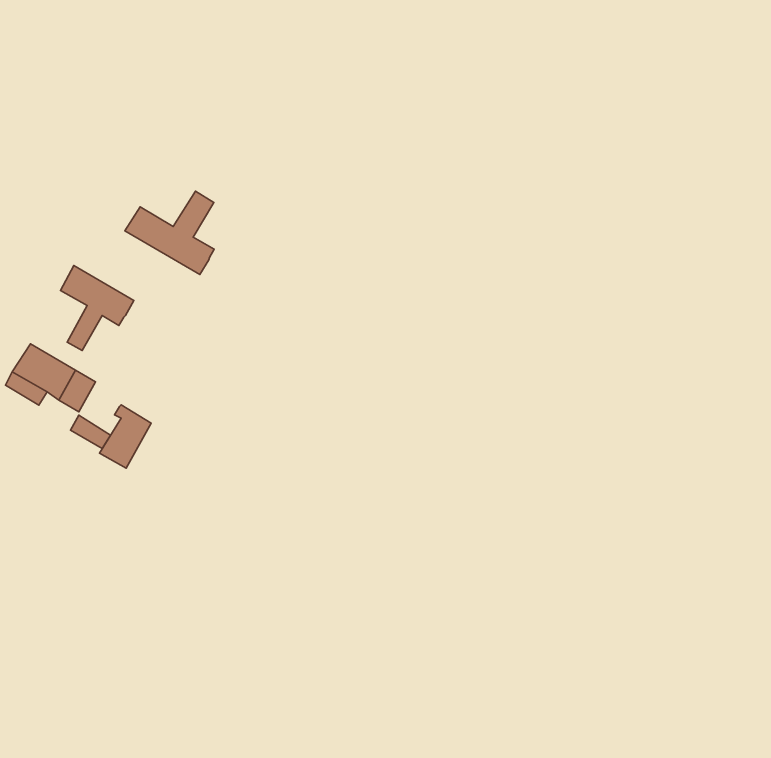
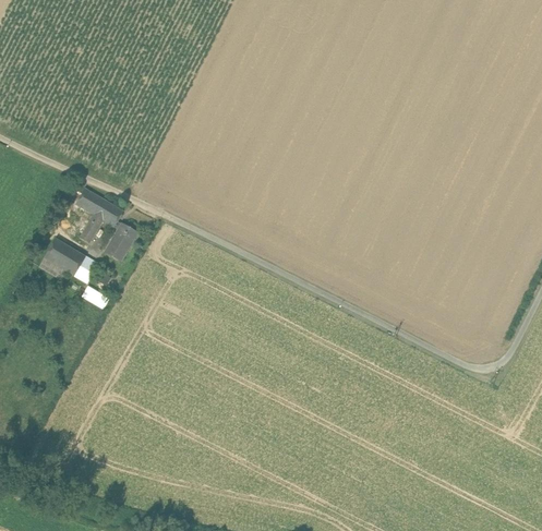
building: [125,191,214,275] -> none
building: [100,405,151,468] -> [103,219,136,261]

